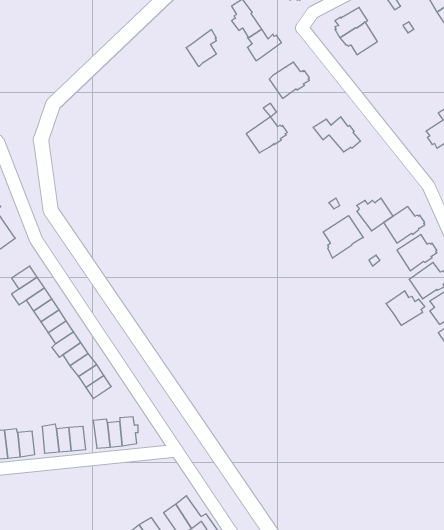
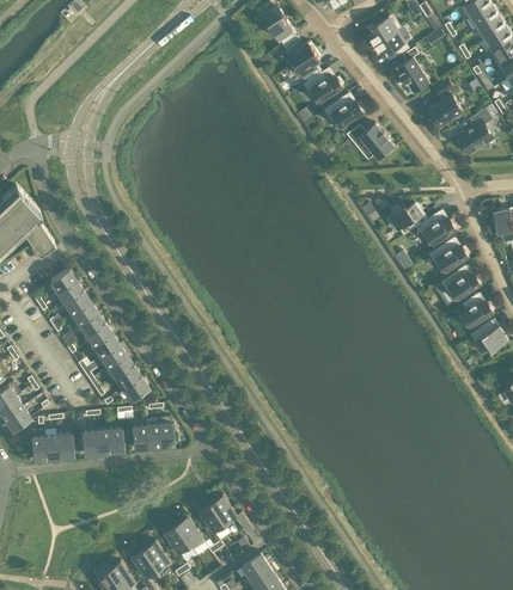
building: [186,30,216,66] -> [291,50,320,86]
building: none -> [397,48,429,92]
building: none -> [428,80,463,127]
building: [246,117,287,153] -> [324,94,365,130]
building: [323,216,363,258] -> none
building: [386,291,425,325] -> none

